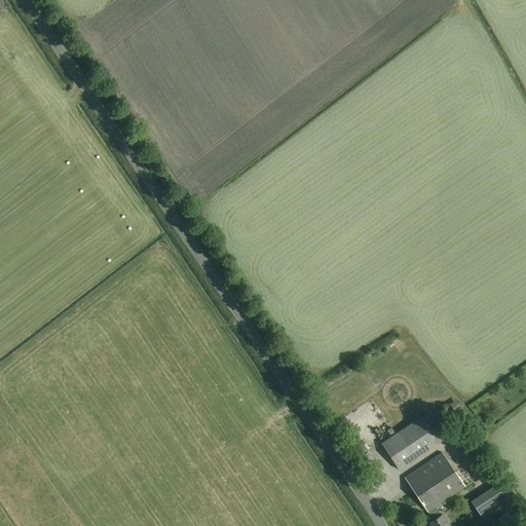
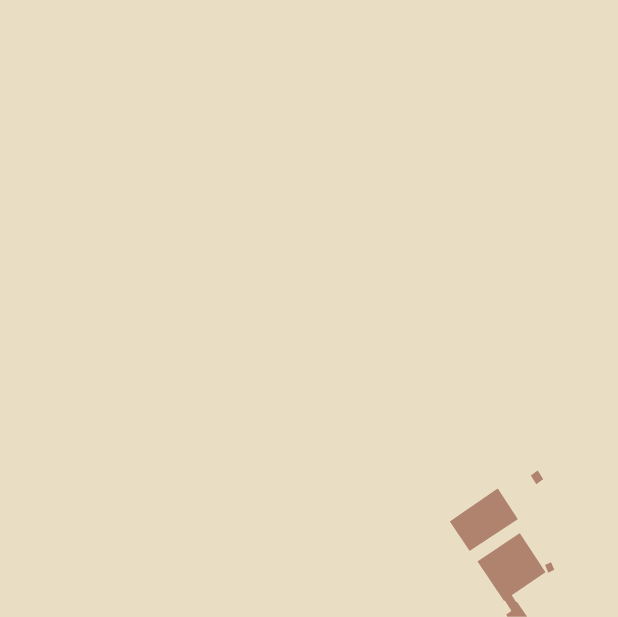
building: [471,483,510,519] -> none

